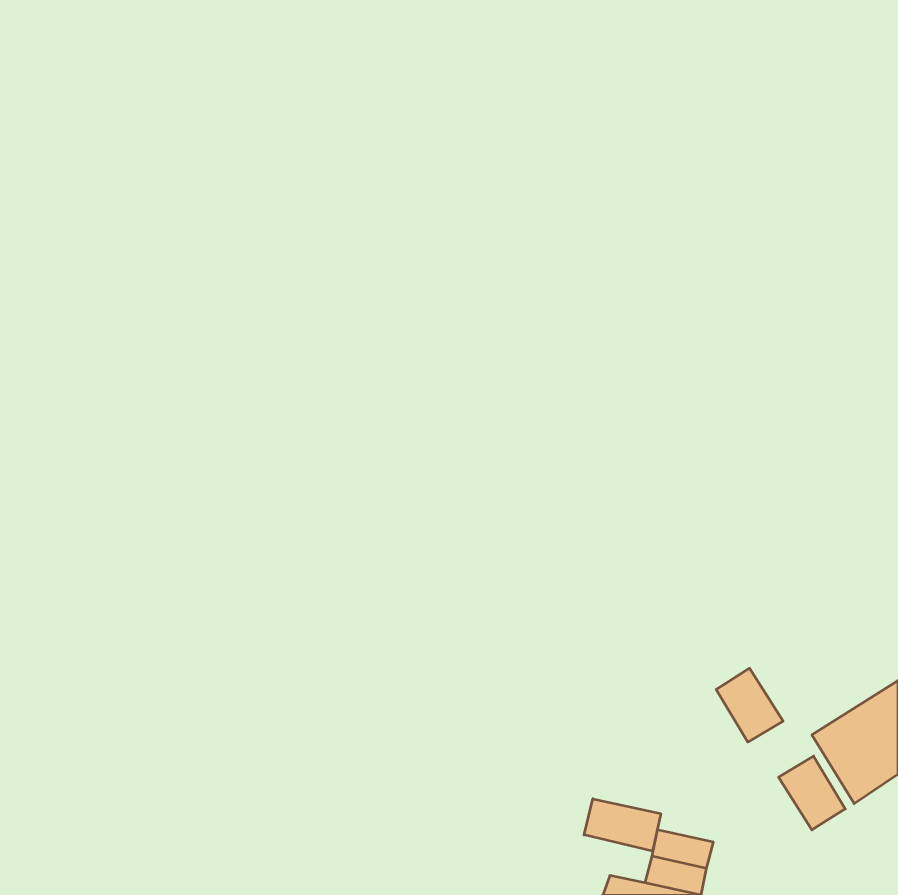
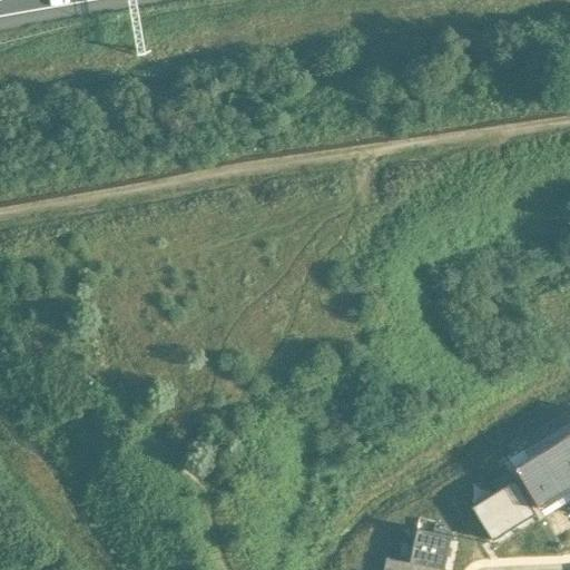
building: [716,668,783,742] -> [472,492,514,539]
building: [584,799,661,851] -> none

